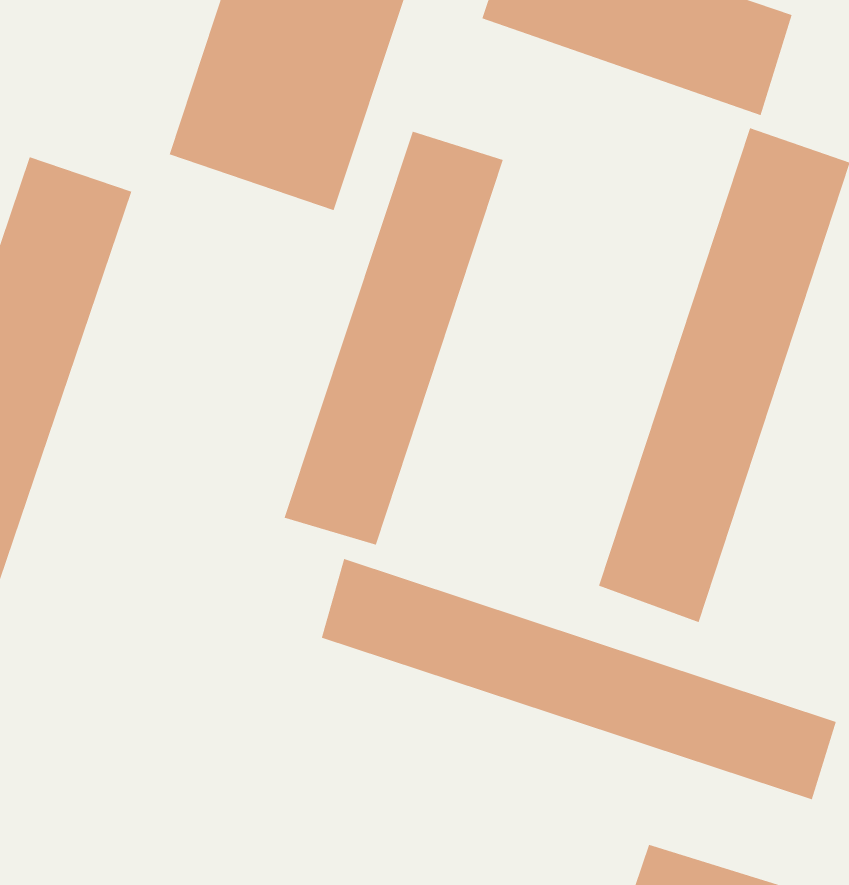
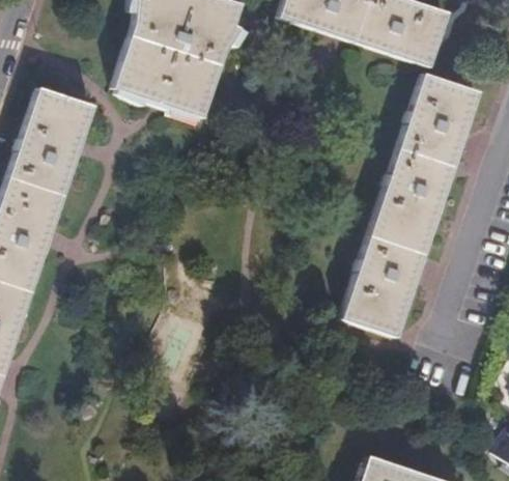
building: [284,131,504,546] -> none
building: [321,558,836,800] -> none

